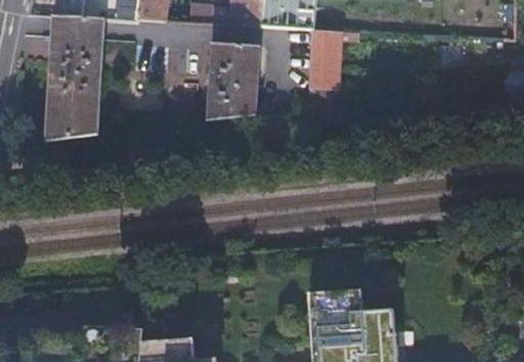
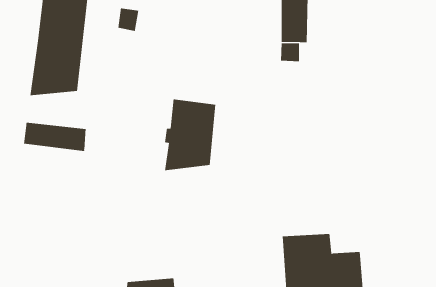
building: [202,43,258,121] -> [164,99,216,171]
building: none -> [24,122,86,152]

